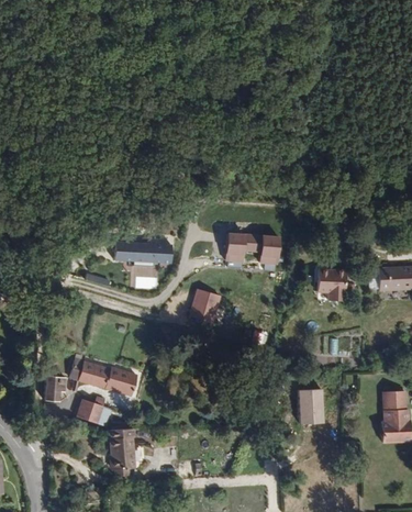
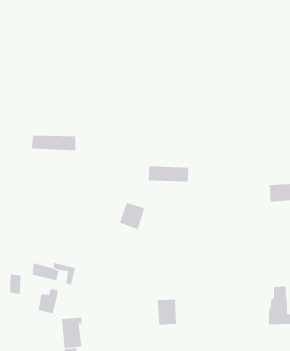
building: [112,241,169,260] -> [31,135,76,151]
building: [319,270,347,302] -> none
building: [296,389,321,422] -> [157,299,177,325]

